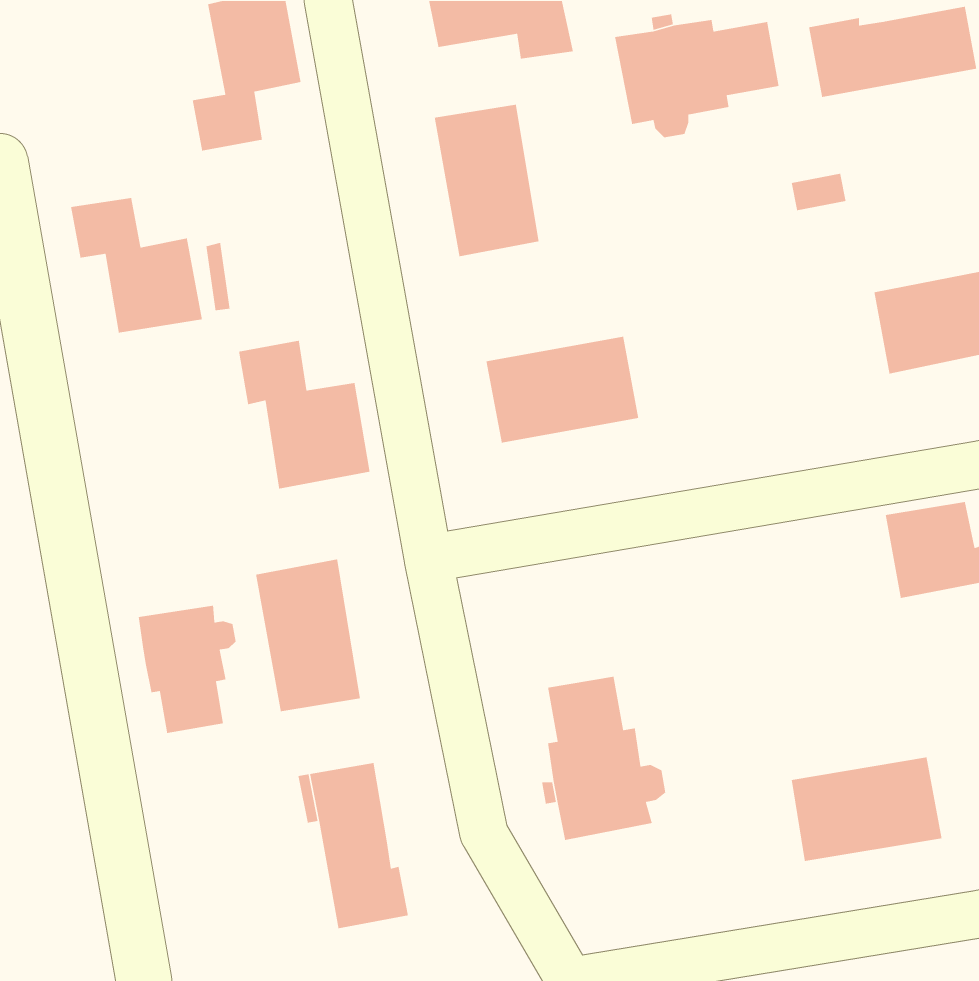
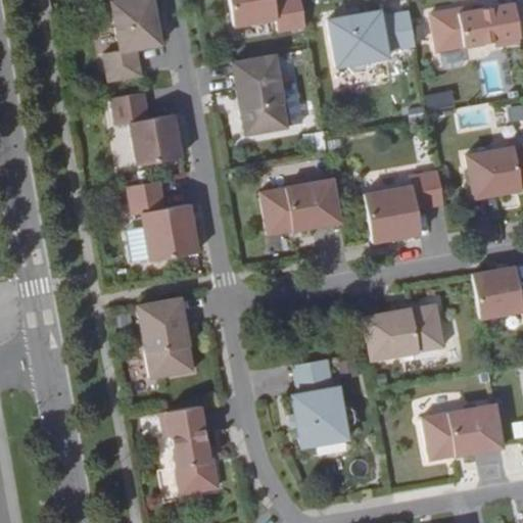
building: [70,197,203,333] -> [111,93,182,165]
building: none -> [365,172,444,243]
building: none -> [363,302,443,360]
building: [138,605,237,734] -> none

